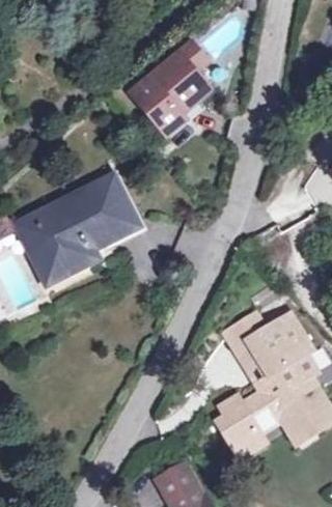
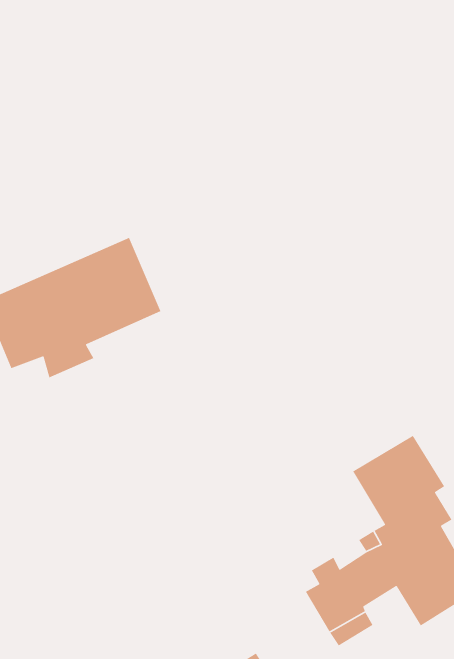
building: [126,49,200,138] -> none

